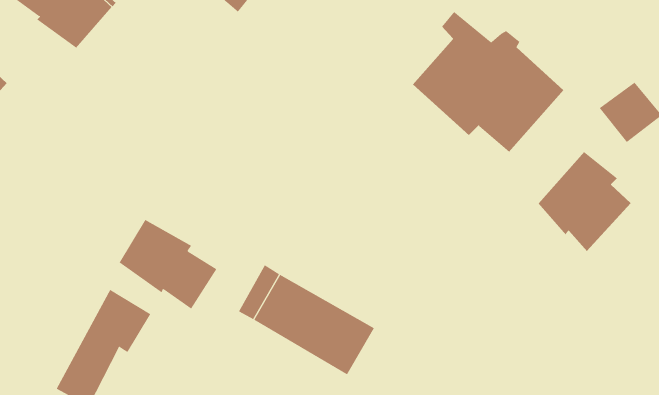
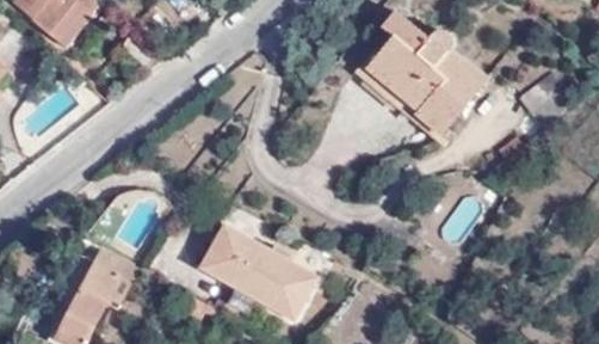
building: [538,151,631,252] -> none
building: [119,219,217,310] -> none

